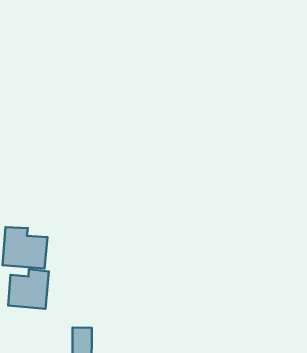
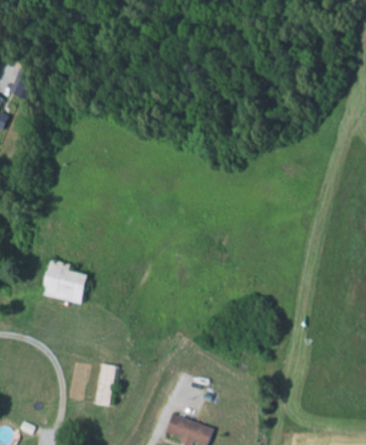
building: [8,269,49,309] -> none

